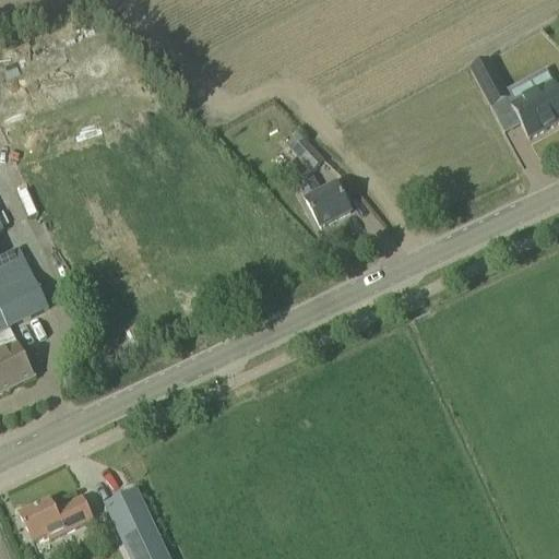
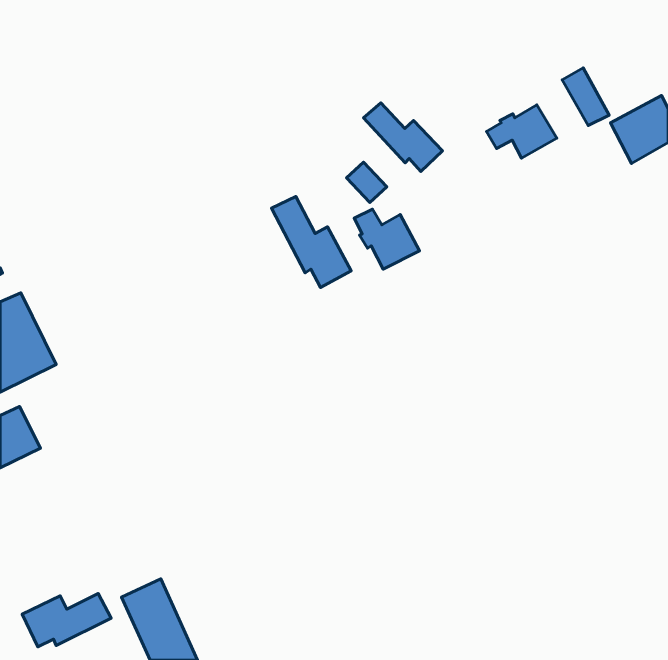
building: none -> [363,103,442,171]
building: none -> [487,105,557,158]
building: none -> [272,197,351,287]

